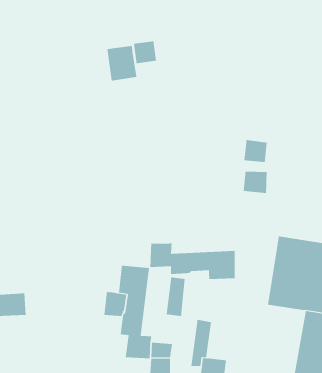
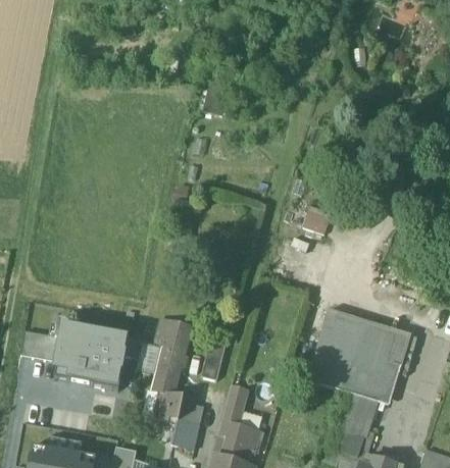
building: [107,45,137,81] -> none
building: [243,171,267,194] -> none
building: [150,243,235,281] -> none
building: none -> [55,324,128,389]

